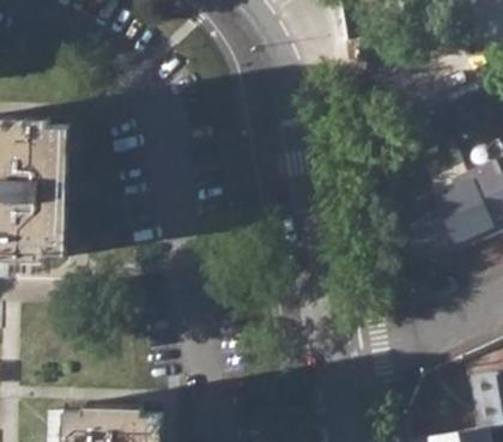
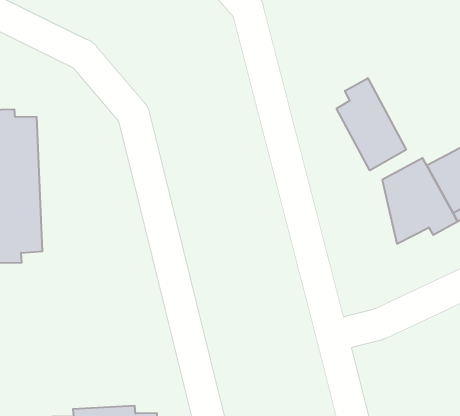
building: none -> [337,78,406,170]

